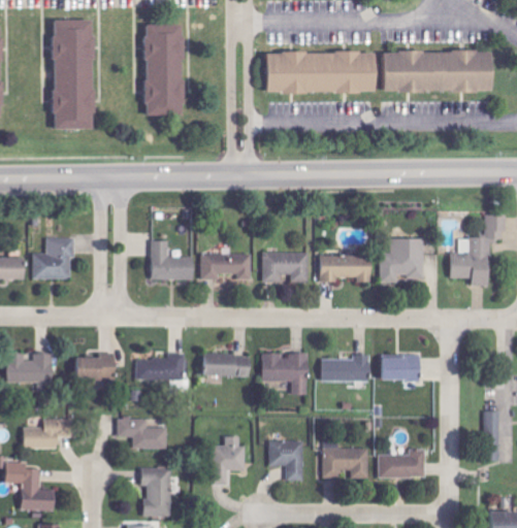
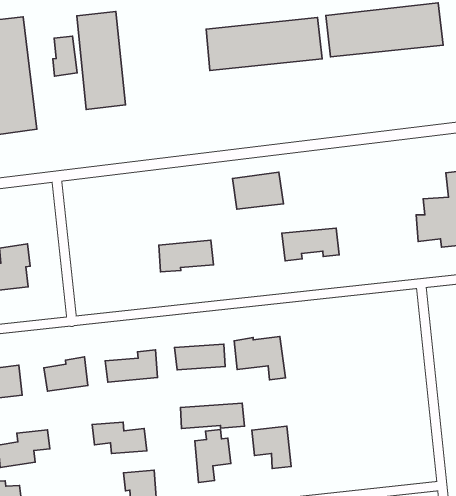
building: none -> [53,36,77,76]
building: [379,237,423,282] -> none
building: [150,240,192,278] -> none
building: [260,252,306,283] -> [232,172,284,209]
building: [320,354,369,382] -> none
building: [381,356,420,381] -> none
building: none -> [181,403,244,429]
building: [321,448,365,477] -> none
building: [377,449,424,477] -> none

